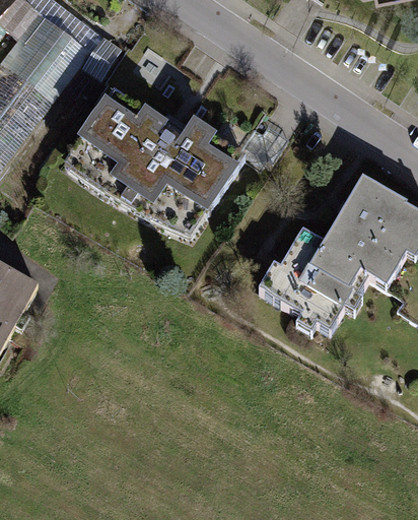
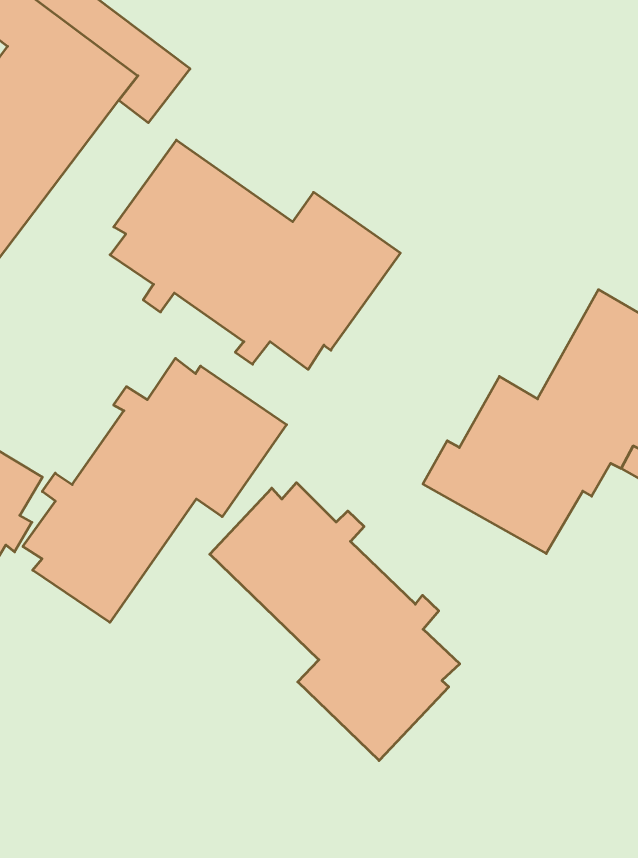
building: none -> [23,358,287,622]
building: none -> [210,483,460,761]

